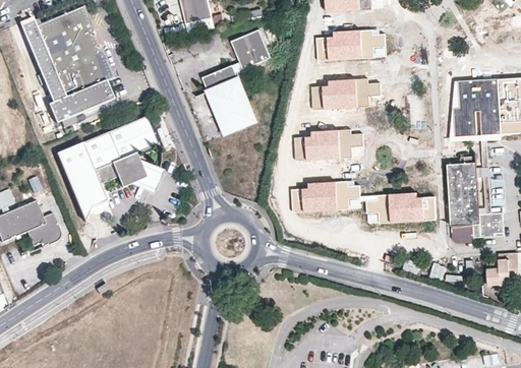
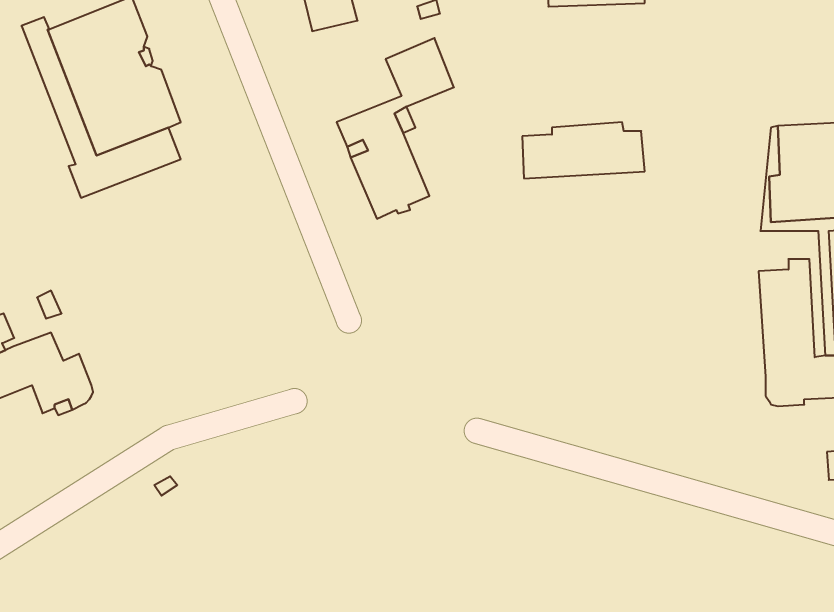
building: [315,29,386,61] -> none
building: [60,116,163,221] -> none
building: [293,130,363,162] -> none
building: [290,181,361,212] -> none
building: [365,193,436,224] -> none

